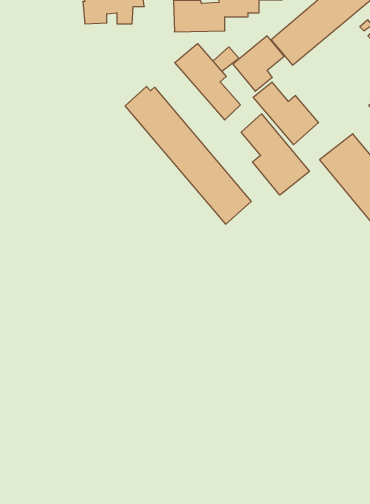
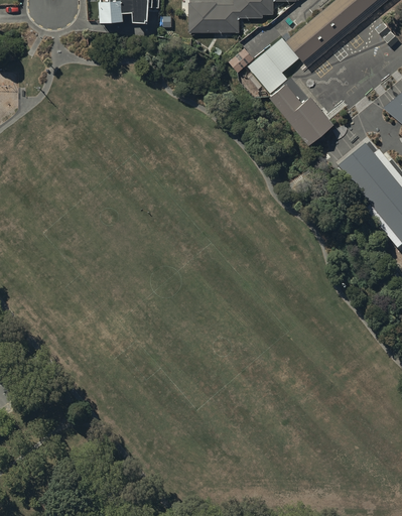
building: [175,44,240,120] -> none
building: [125,86,251,224] -> none
building: [241,114,309,195] -> none

